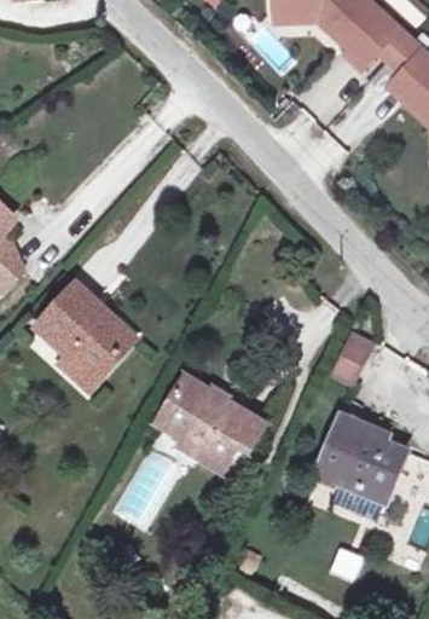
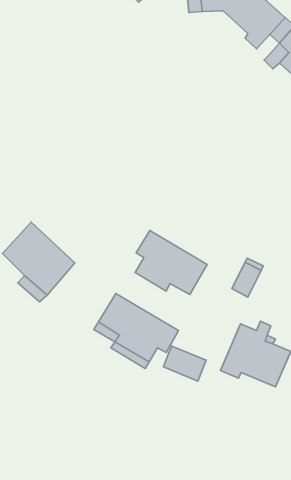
building: none -> [135,231,207,294]
building: [332,476,387,521] -> [163,346,206,381]

